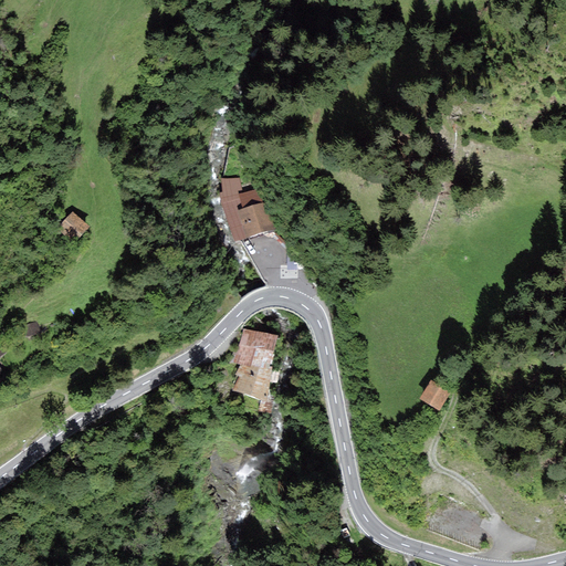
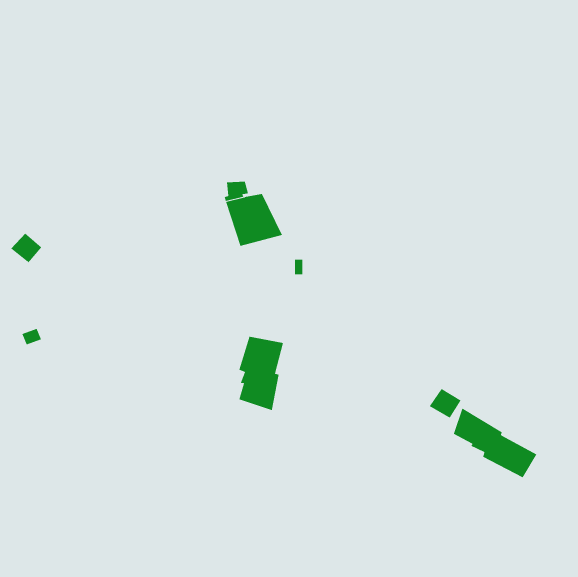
building: [59,211,90,241] -> [11,233,42,263]
building: none -> [453,407,537,478]

